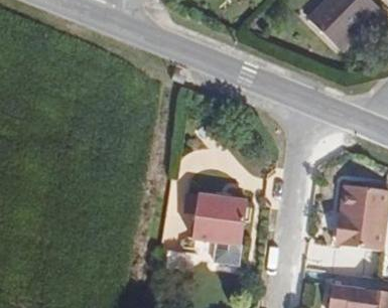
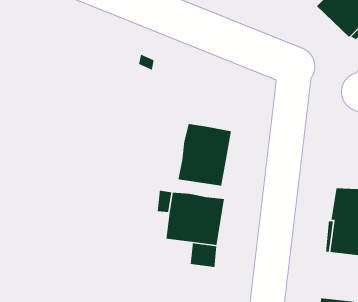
building: none -> [178,123,232,186]

